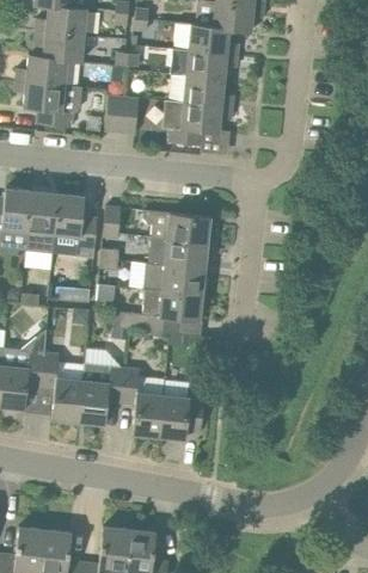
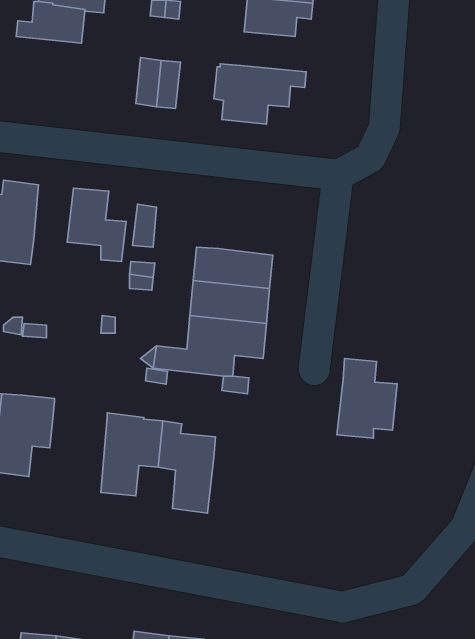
building: [184,78,234,107] -> none
building: [14,81,82,129] -> none
building: [26,192,59,254] -> none
building: [142,210,210,245] -> none
building: [41,355,82,423] -> none
building: [159,381,204,440] -> [337,358,397,438]

